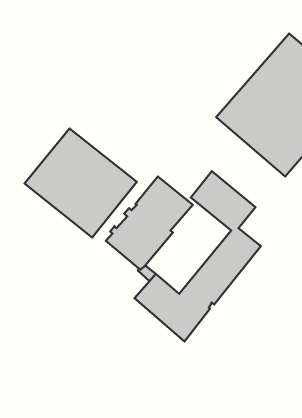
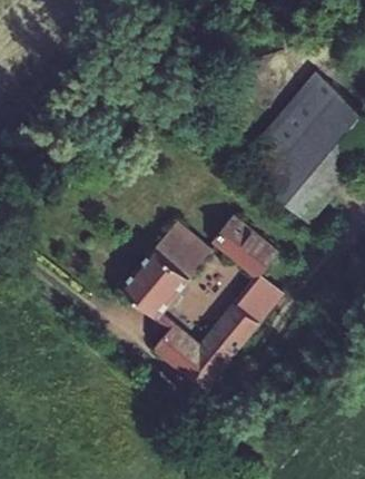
building: [25,129,137,237] -> none

